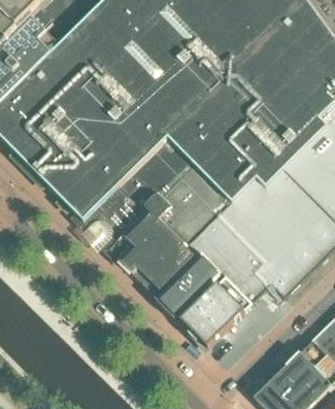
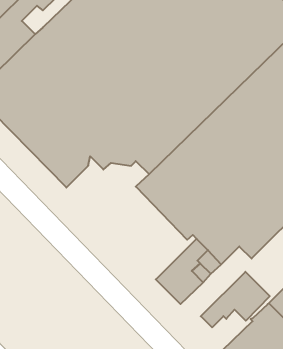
building: [108,191,215,315] -> none
building: none -> [201,272,270,327]

